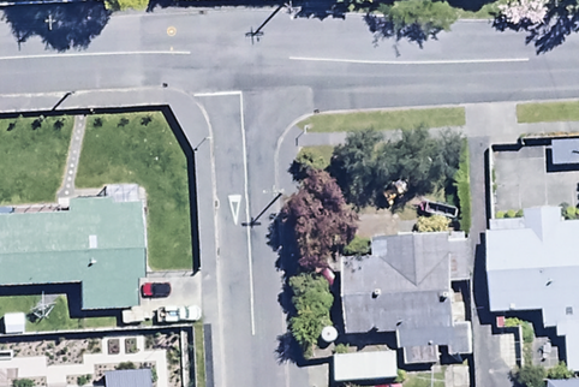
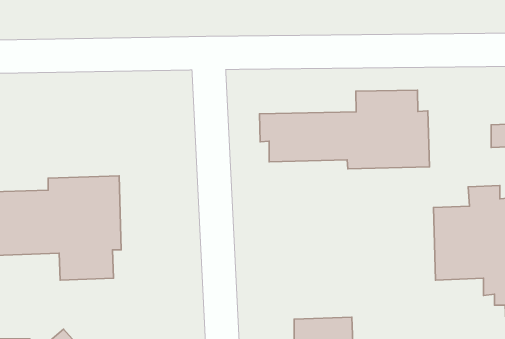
building: none -> [259,90,429,169]
building: [344,230,471,365] -> none

